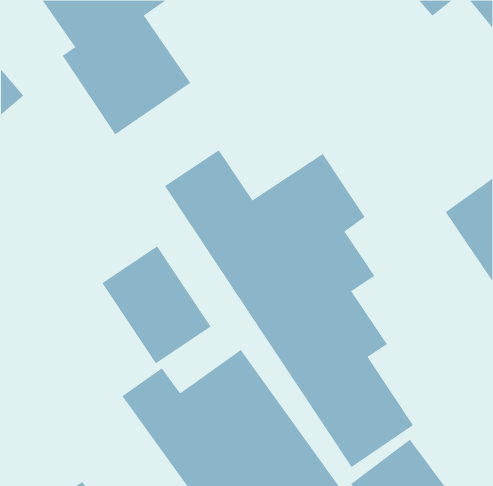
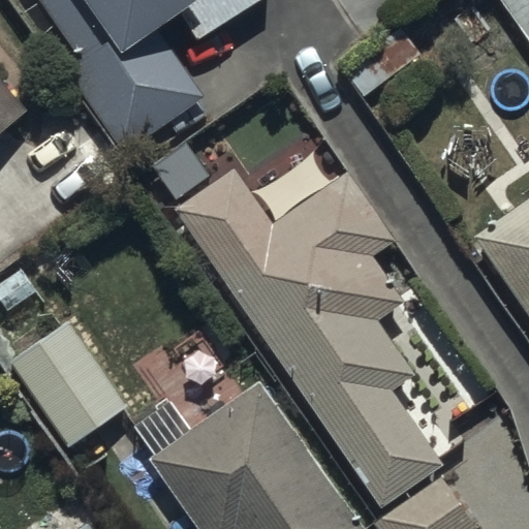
building: [102,245,212,364] -> [10,321,128,448]

